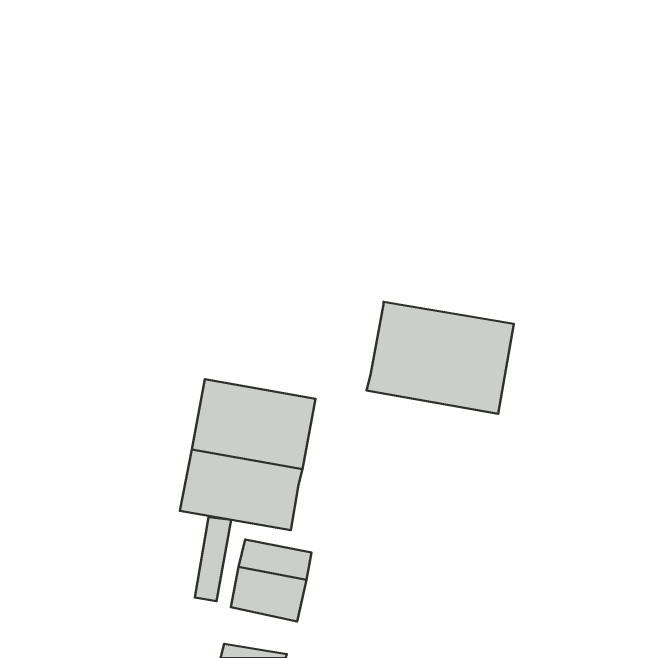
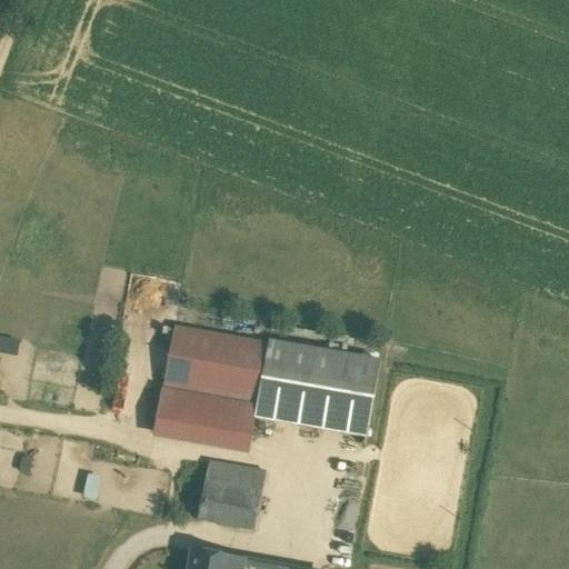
building: [366,302,514,414] -> [254,338,380,433]
building: [195,517,231,601] -> none

